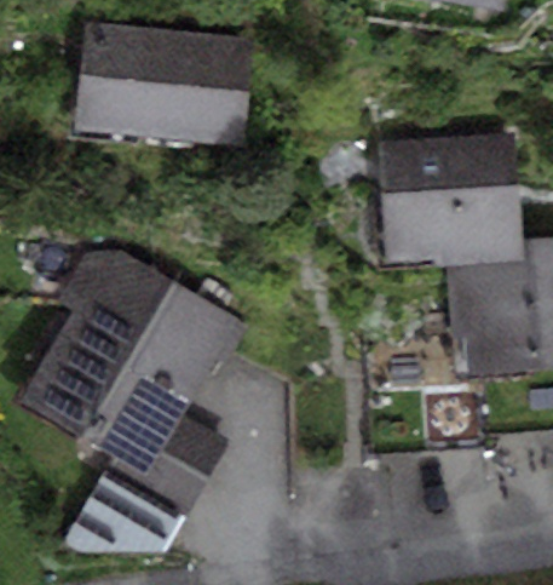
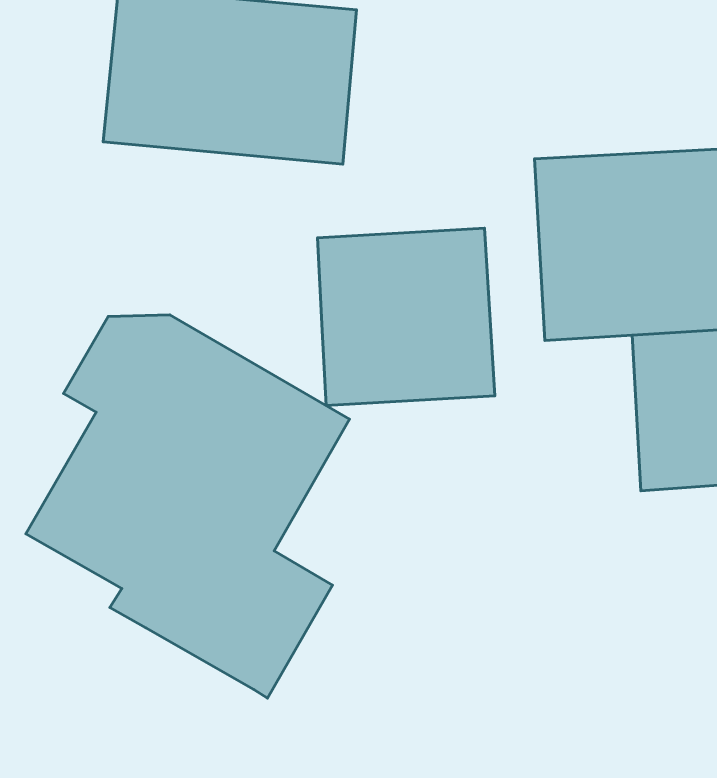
building: none -> [318,228,495,405]
building: [68,472,182,555] -> none

